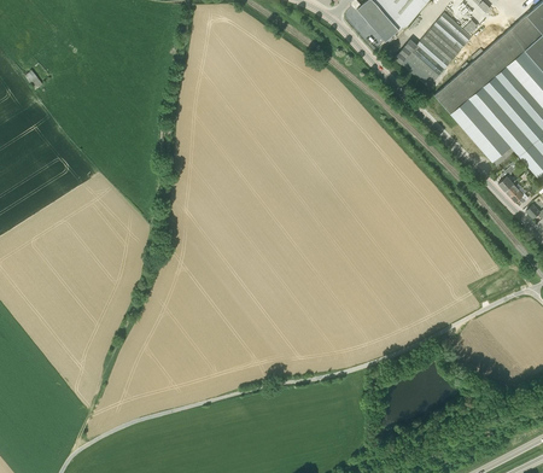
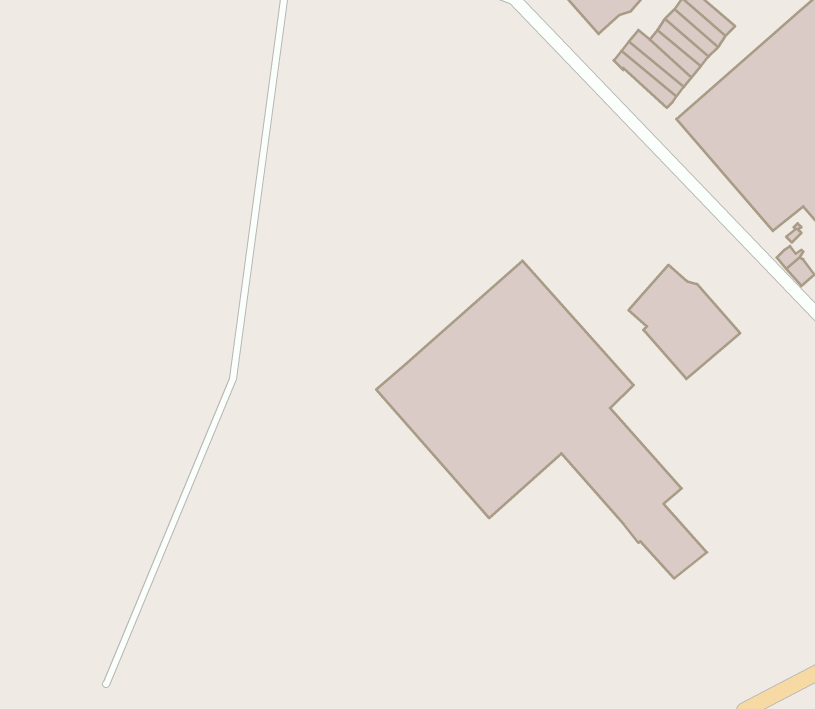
building: none -> [376,261,707,578]
building: none -> [629,265,740,379]

